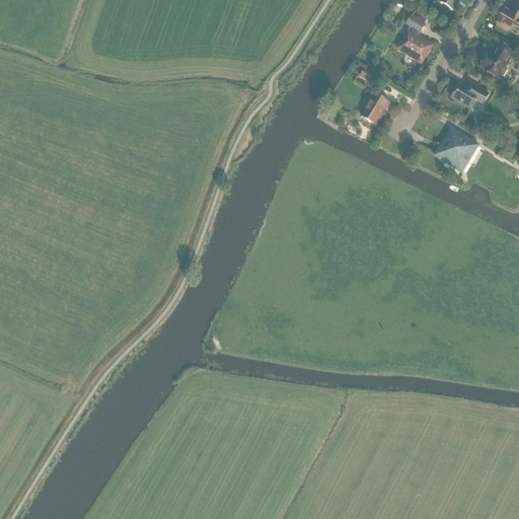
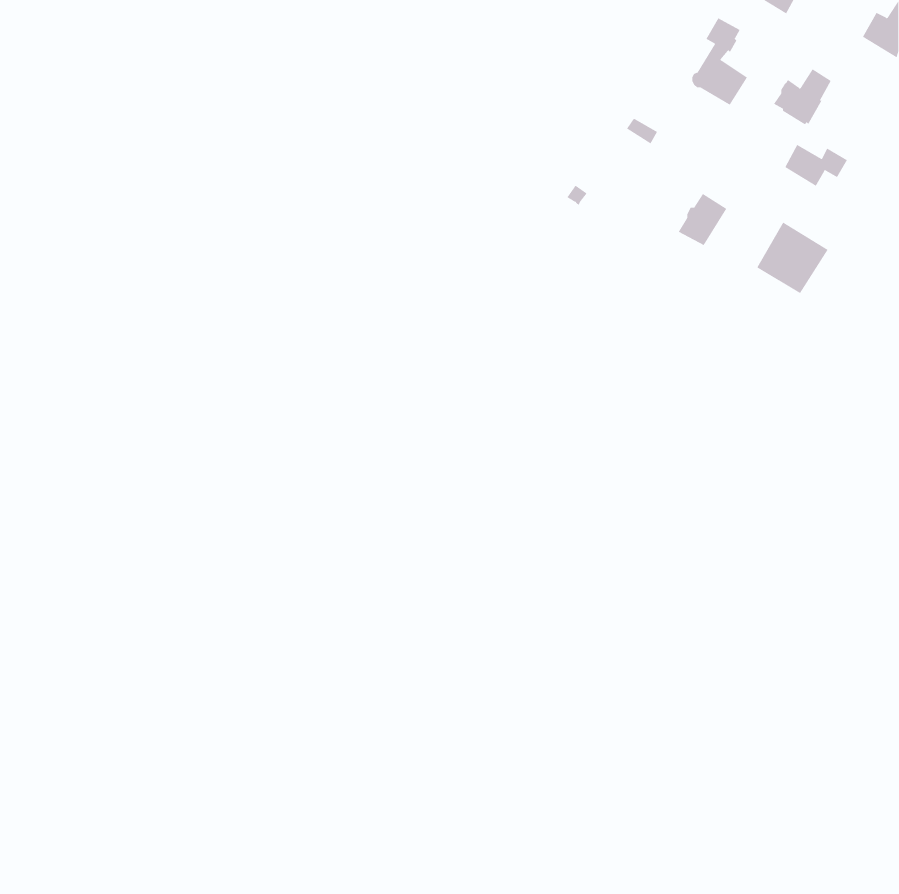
building: [479,45,513,77] -> [773,68,831,125]
building: [361,92,389,123] -> [678,193,727,246]

